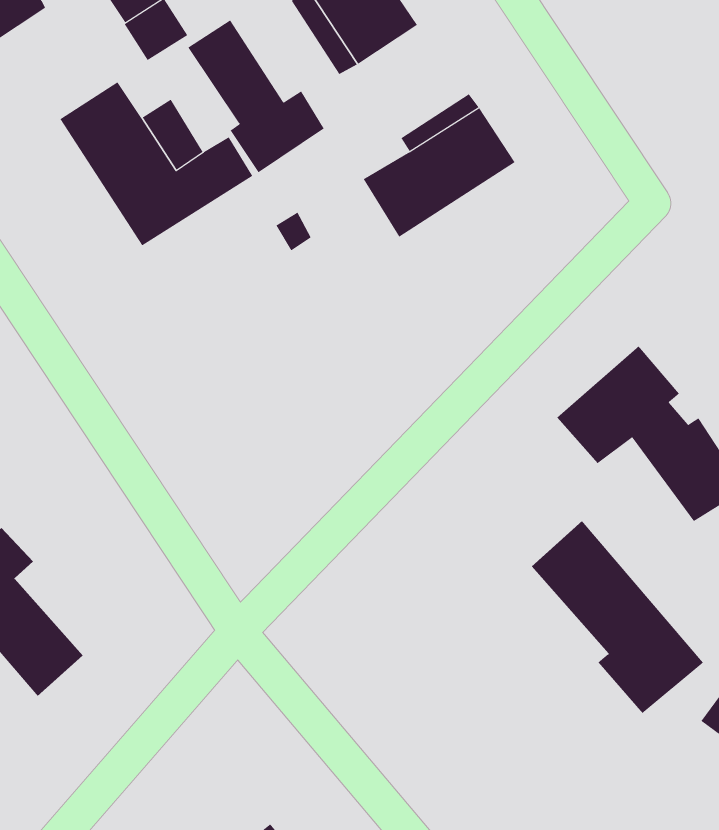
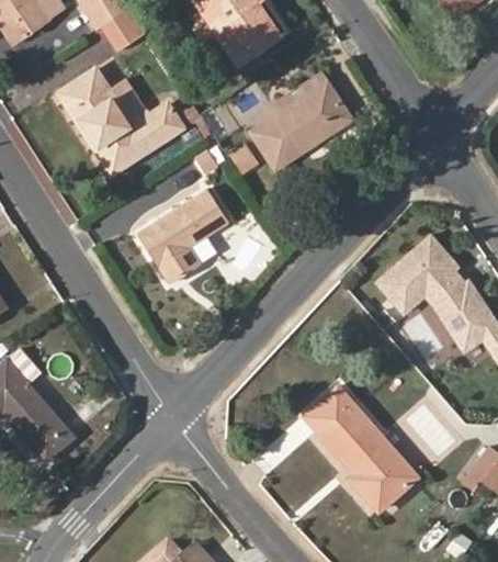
building: [188,20,324,173] -> none
building: none -> [139,190,226,281]
building: [531,520,704,714] -> [304,390,415,514]

